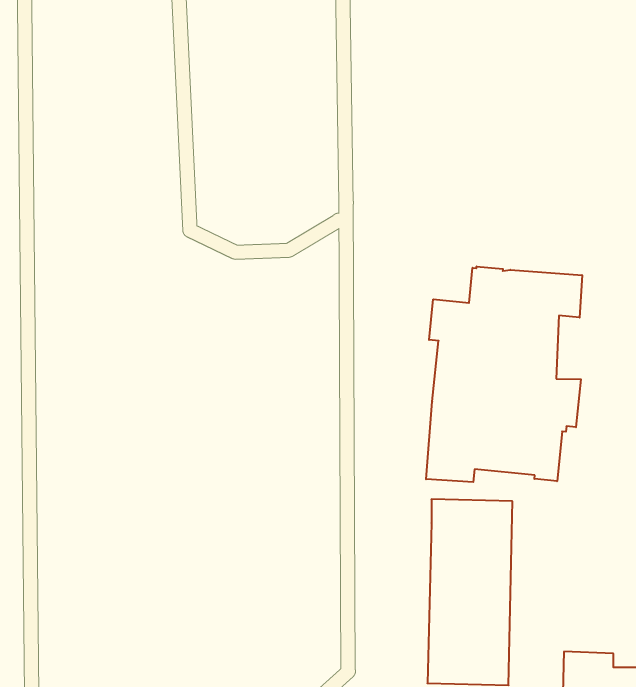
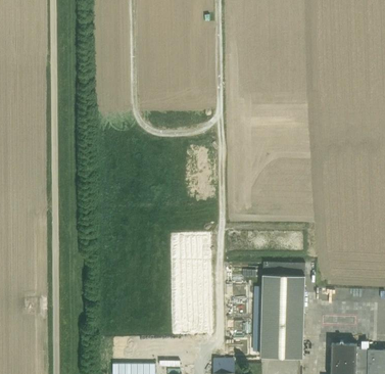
building: [426,266,582,482] -> none

